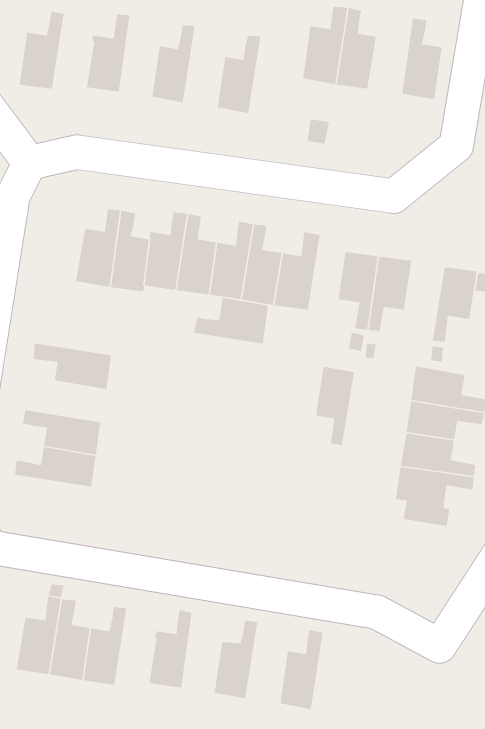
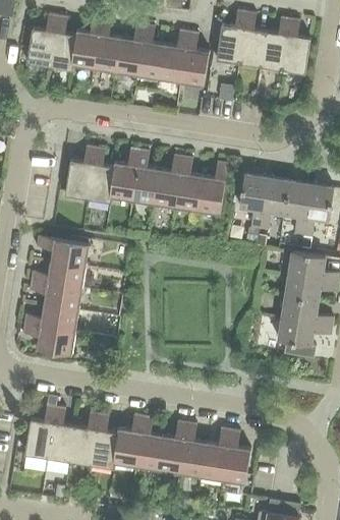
building: none -> [49,15,76,70]
building: none -> [94,16,120,71]
building: none -> [260,16,289,69]
building: none -> [136,23,164,78]
building: none -> [180,31,209,85]
building: [193,297,269,344] -> none
building: [315,366,355,446] -> [284,180,310,234]
building: none -> [31,261,86,288]
building: none -> [21,324,75,354]
building: none -> [91,412,118,468]
building: none -> [135,415,162,469]
building: none -> [178,421,206,476]
building: none -> [222,428,250,483]

